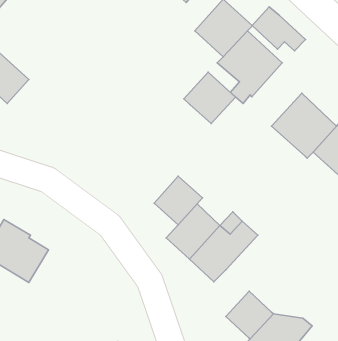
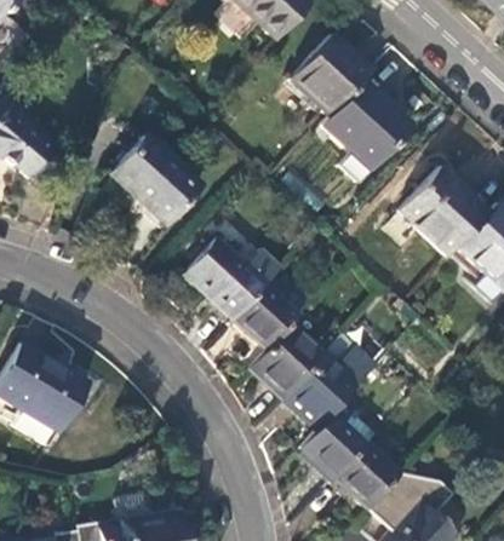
building: [252,7,306,51] -> none
building: [184,72,235,124] -> none
building: none -> [110,137,199,224]
building: none -> [183,237,267,320]
building: none -> [300,413,366,478]

